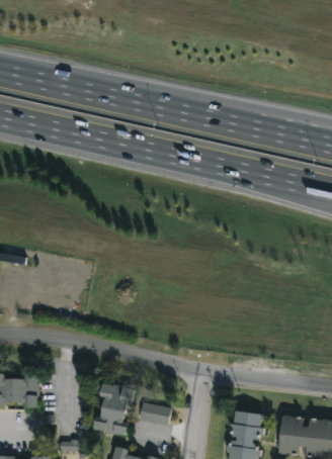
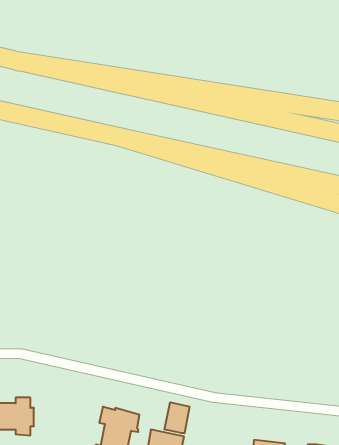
building: none -> [165,402,190,433]

